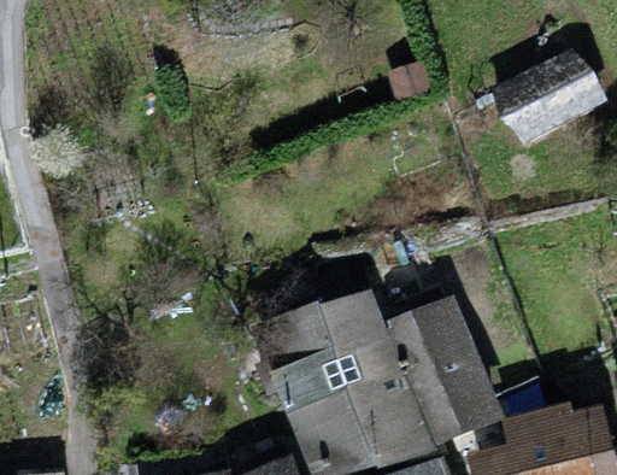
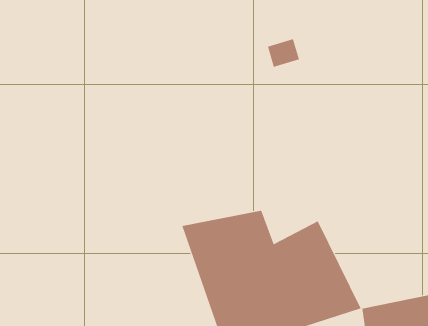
building: [487,46,597,141] -> none

